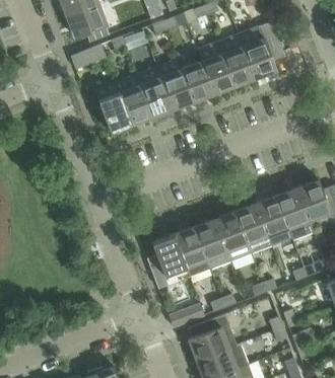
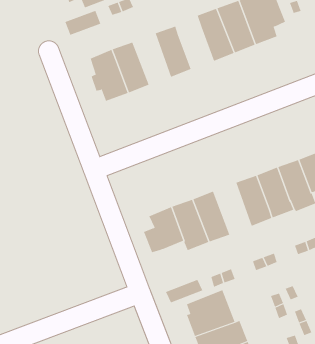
building: [181,61,214,101] -> none
building: [136,67,173,117] -> none
building: [214,211,251,261] -> none

